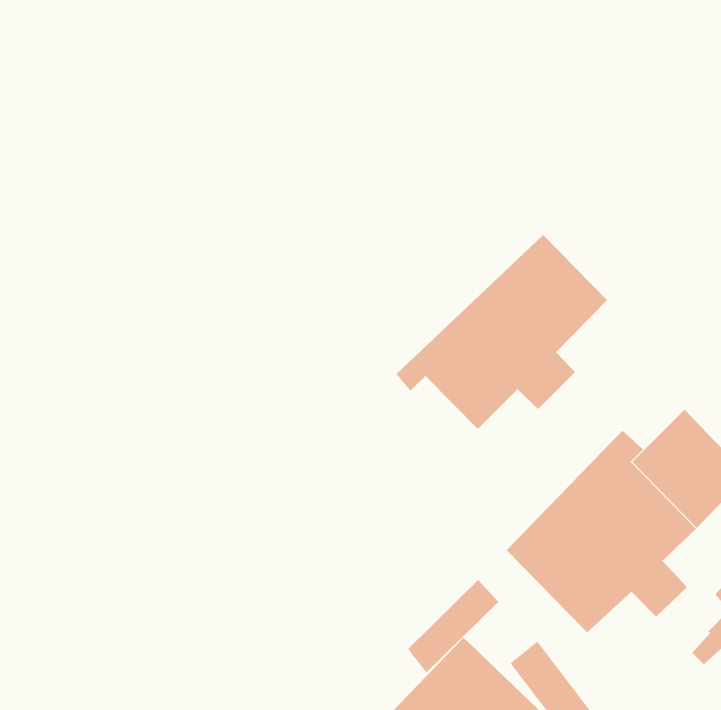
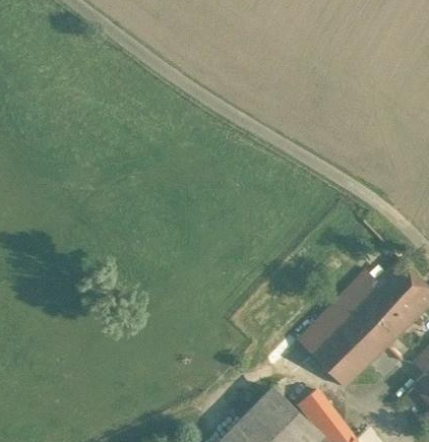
building: [396,234,608,430] -> none
building: [407,579,499,673] -> none

